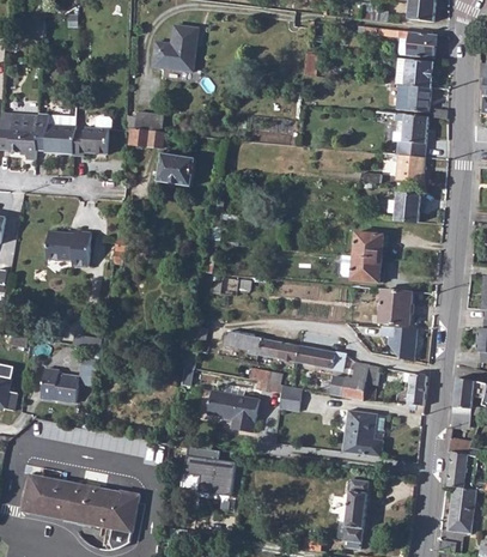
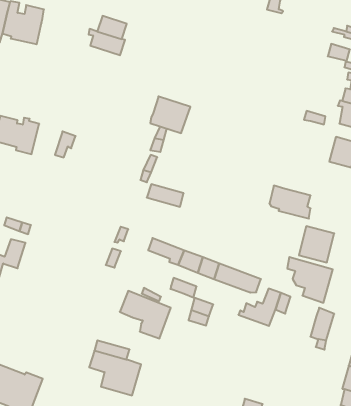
building: [73,116,110,155] -> none
building: [157,155,195,188] -> [150,96,190,133]
building: [353,232,386,259] -> none
building: [341,410,382,458] -> none

